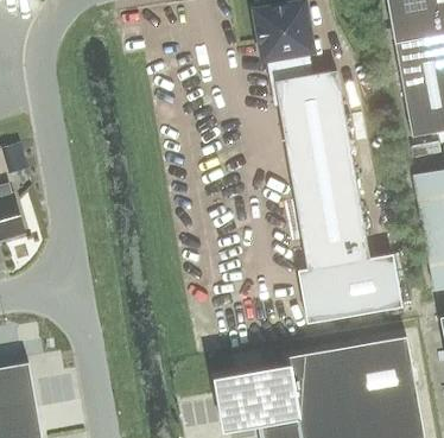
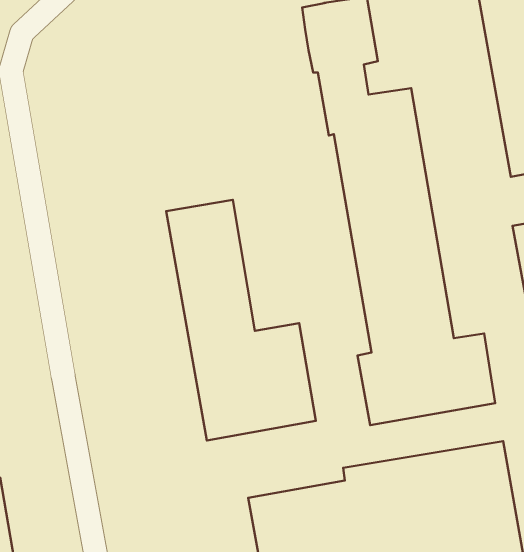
building: none -> [166,200,316,440]

